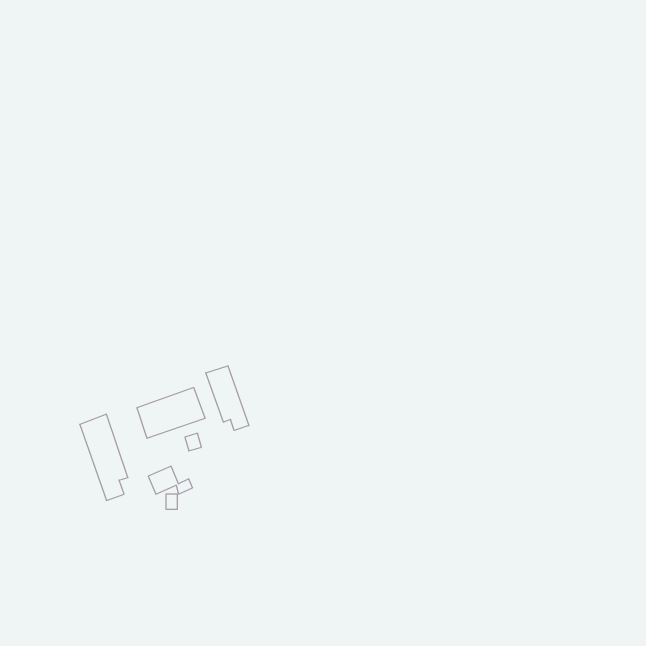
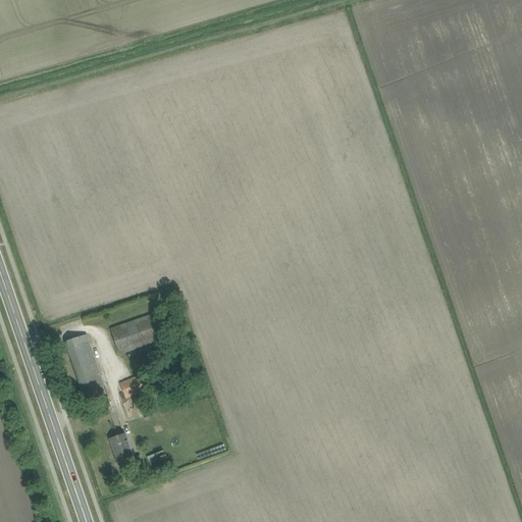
building: [206,366,249,430] -> none
building: none -> [109,432,133,462]

